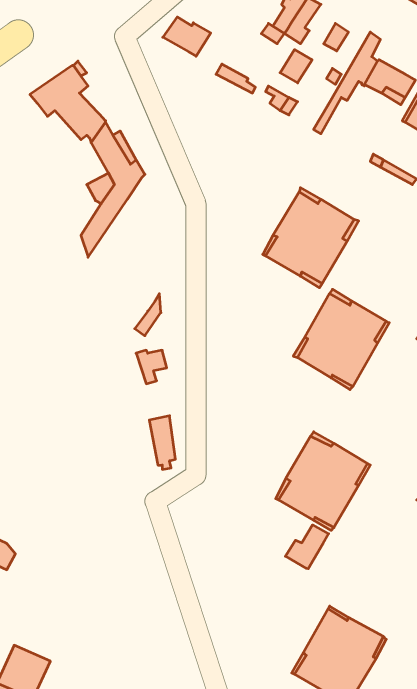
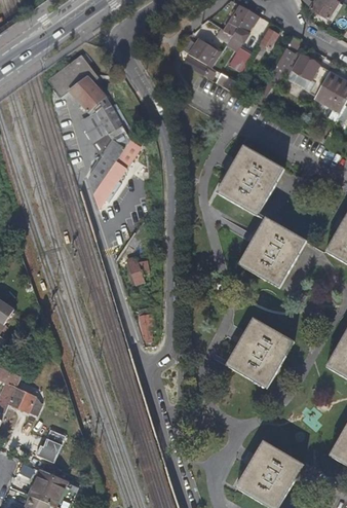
building: [163,17,211,56] -> [188,40,222,68]
building: none -> [81,113,108,143]
building: none -> [93,136,138,215]
building: [285,525,329,569] -> none
building: none -> [36,430,65,463]

